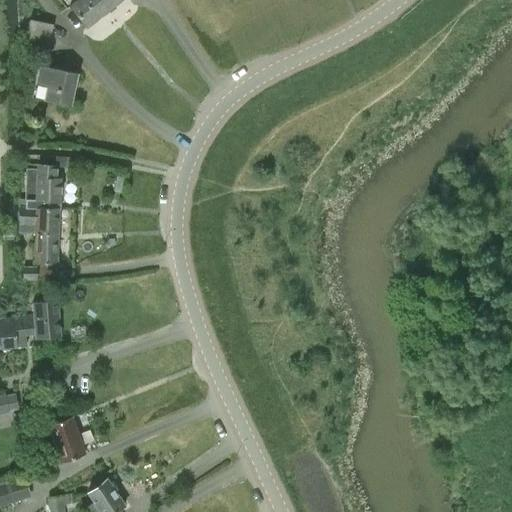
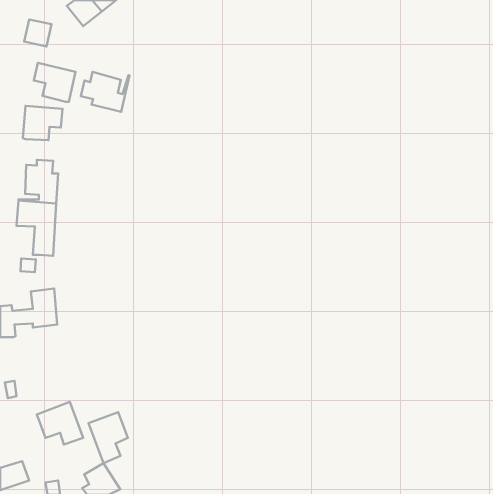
building: none -> [81,72,130,112]
building: none -> [23,106,63,140]
building: none -> [89,412,128,463]

